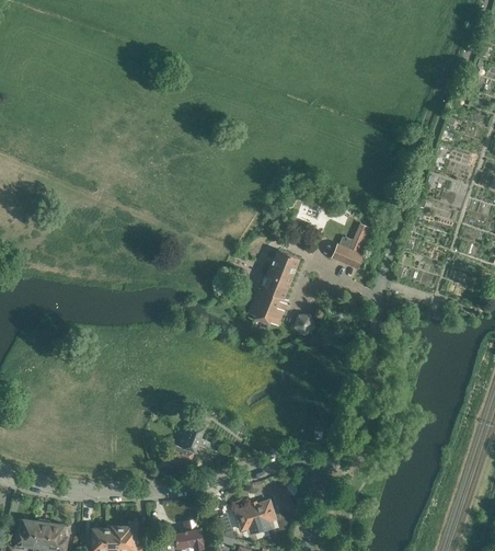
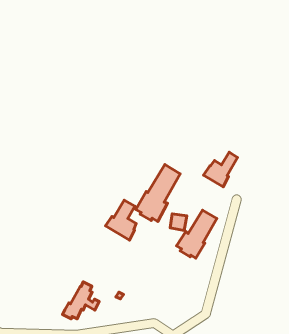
building: none -> [106,200,136,240]
building: none -> [176,210,217,258]

